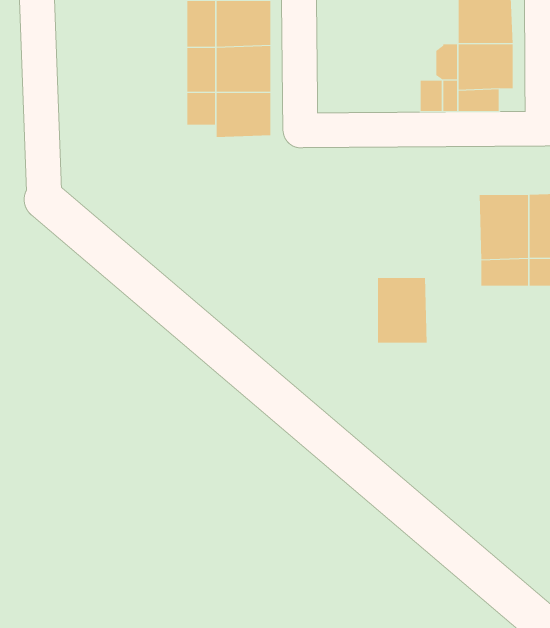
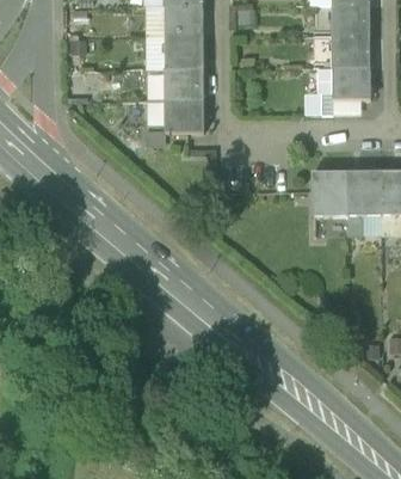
building: [377,277,427,343] -> [313,171,347,216]

